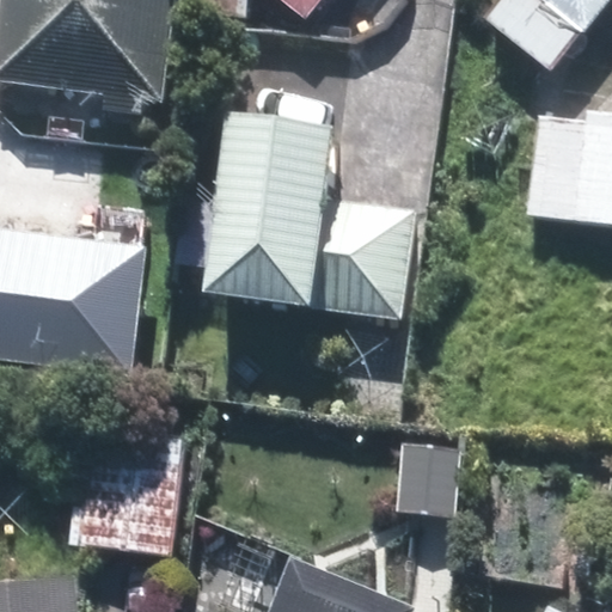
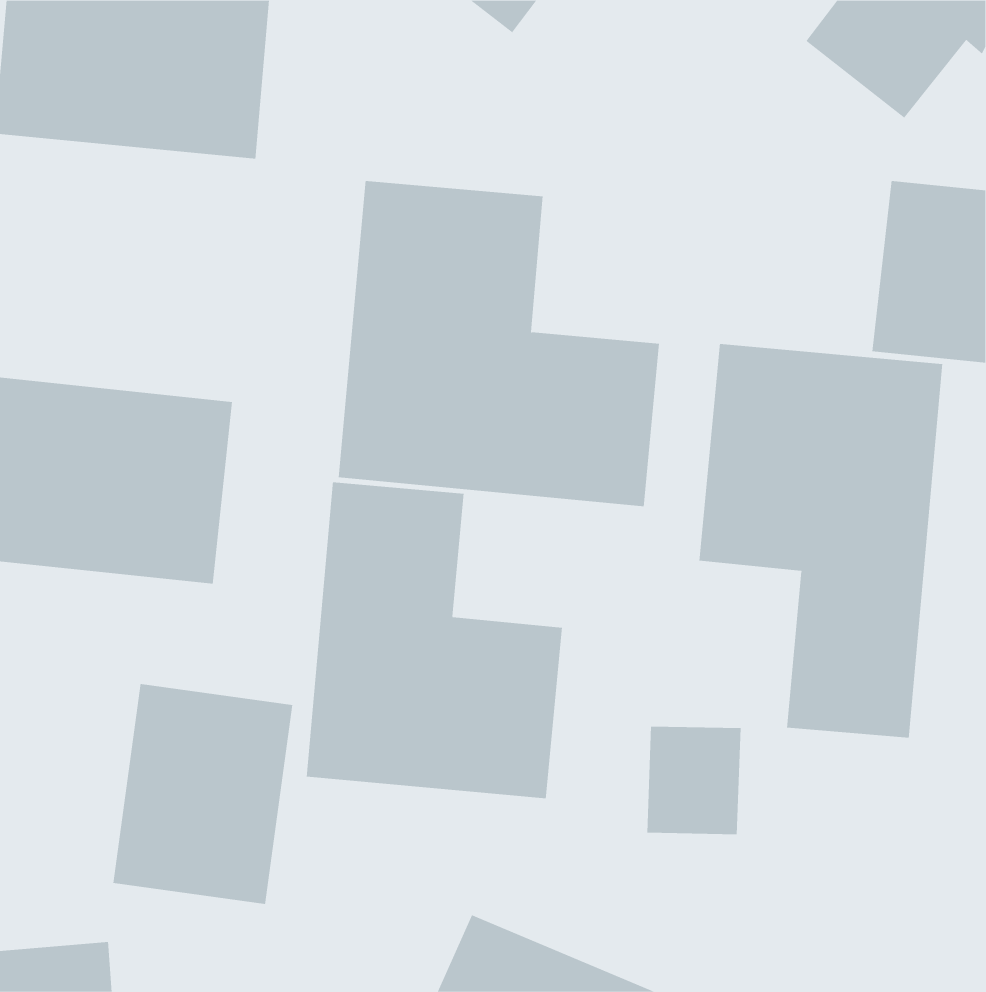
building: none -> [699,343,943,739]
building: none -> [306,482,562,799]

